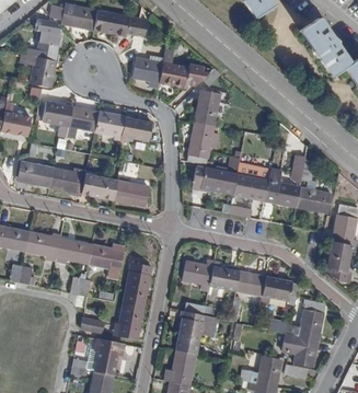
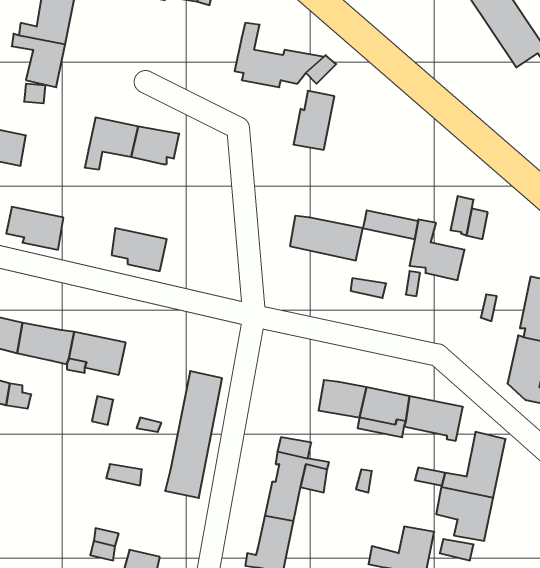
building: [132,54,163,82] -> none
building: [42,102,73,137] -> none
building: [120,116,151,141] -> none
building: [187,123,219,163] -> none
building: [50,167,85,196] -> none
building: [233,174,269,198] -> none
building: [113,181,149,204] -> none
building: [296,187,332,212] -> none
building: [88,244,124,278] -> none
building: [183,259,215,290] -> none
building: [94,338,124,375] -> none

